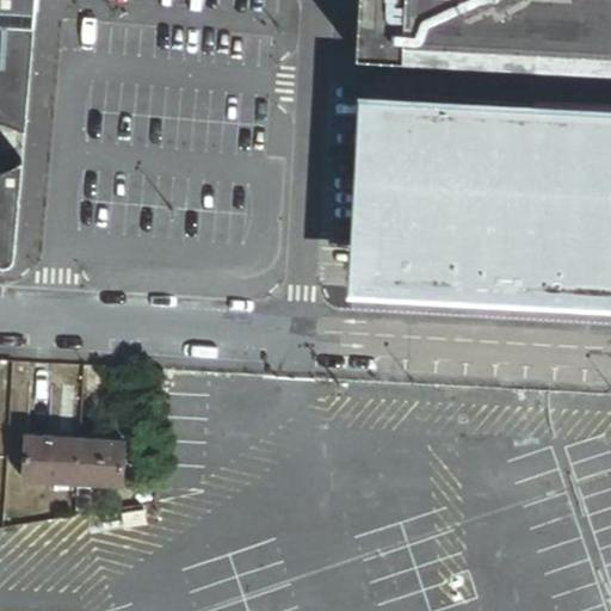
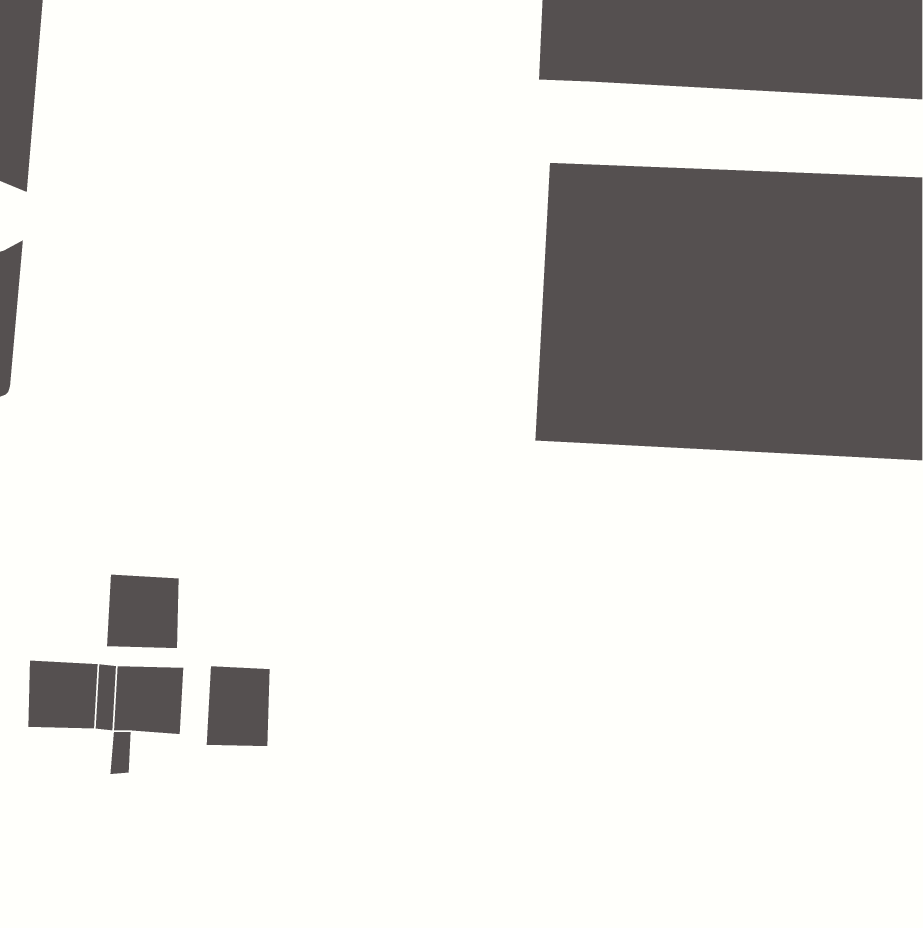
building: none -> [106,574,180,649]
building: none -> [206,665,271,747]

